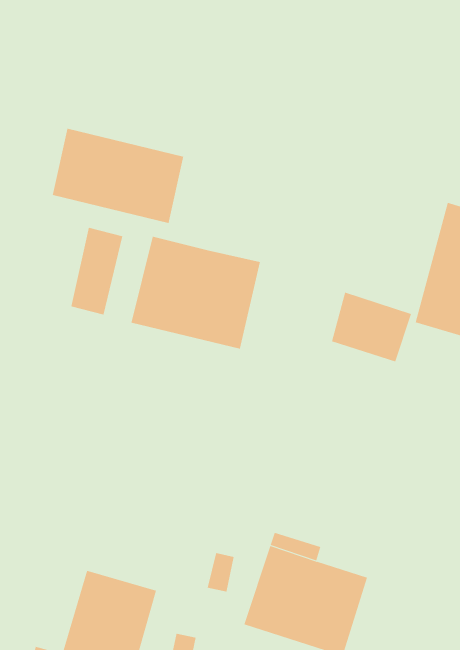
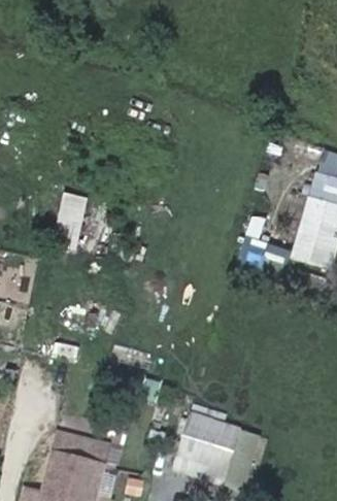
building: [52,128,184,224] -> none
building: [131,236,261,350] -> none

